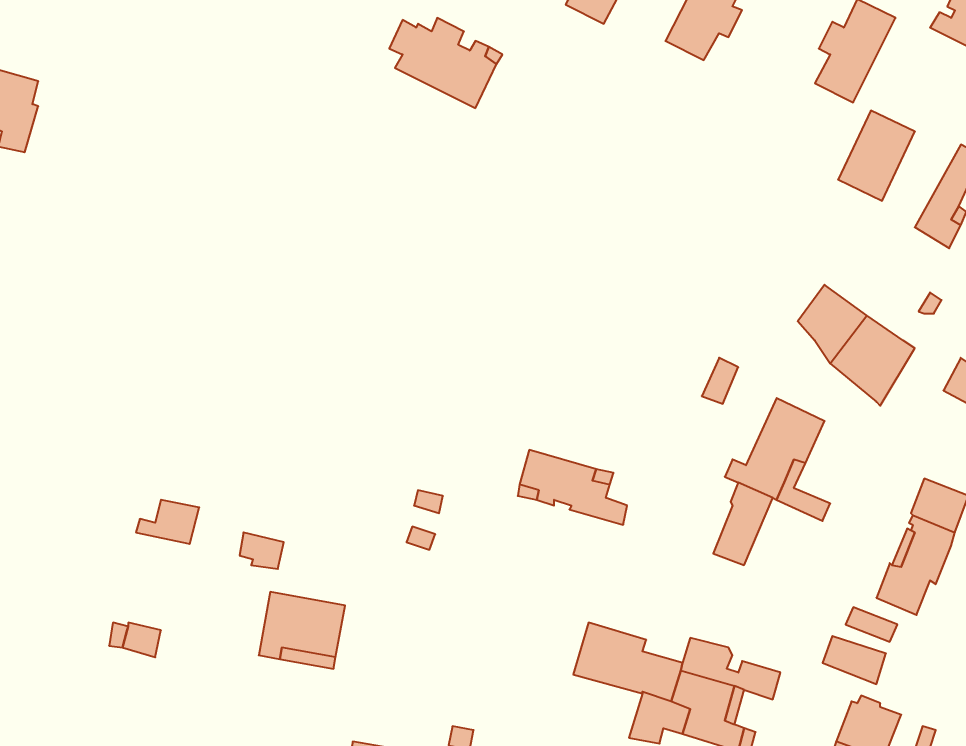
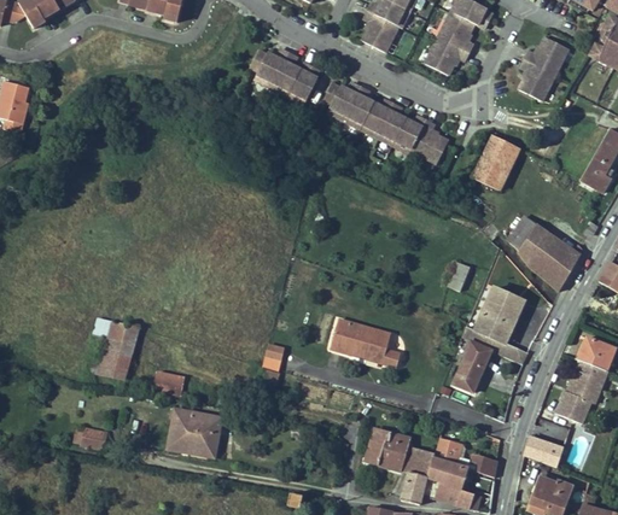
building: none -> [323,82,449,163]
building: [838,111,915,201] -> [471,133,519,189]
building: none -> [94,317,138,355]

